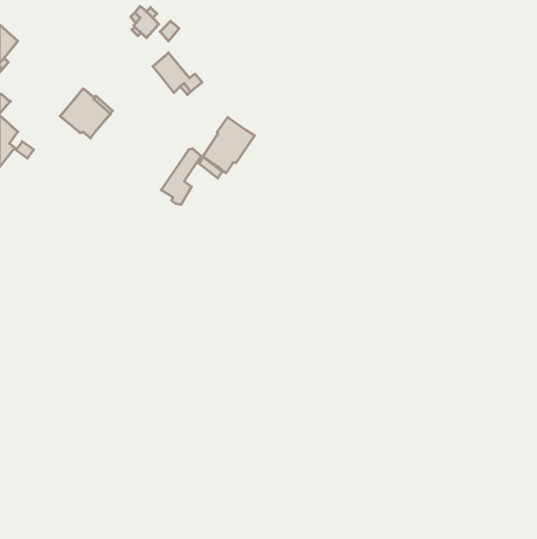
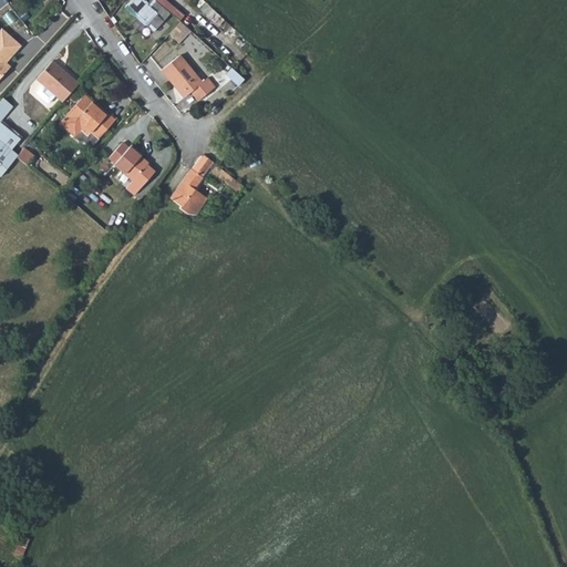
building: none -> [34,62,76,104]
building: [203,117,255,173] -> none
building: none -> [112,141,152,178]

